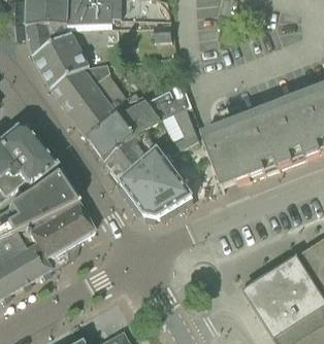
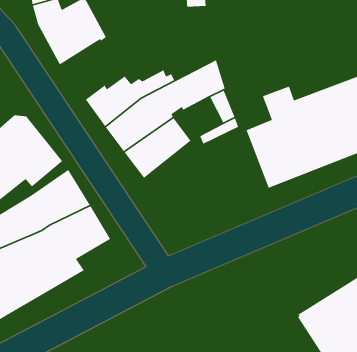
building: [51,61,110,114] -> none
building: [120,148,192,215] -> none

